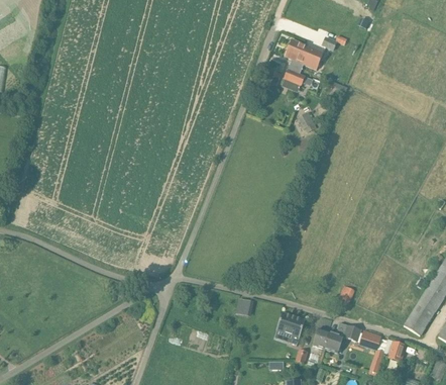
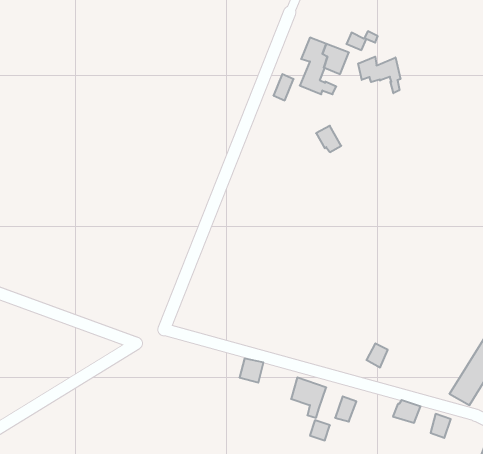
building: none -> [358,57,400,93]
building: [323,323,360,353] -> none

